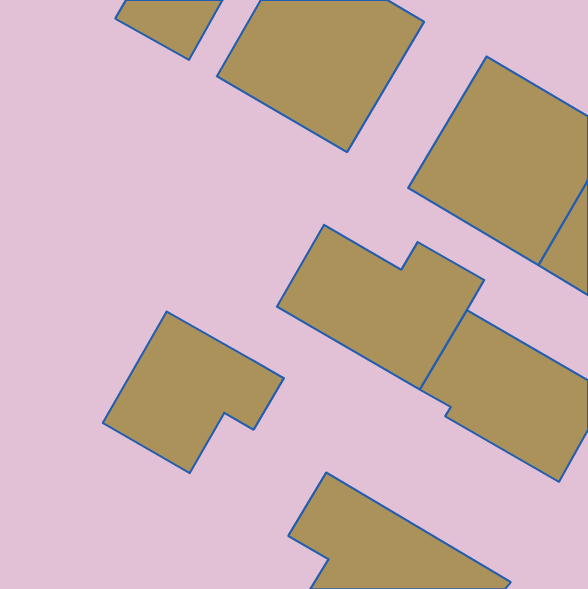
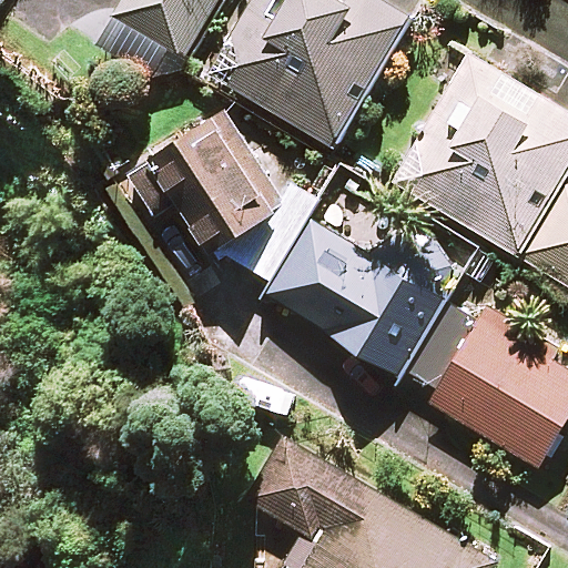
building: none -> [122,105,316,282]
building: [103,311,284,473] -> none

